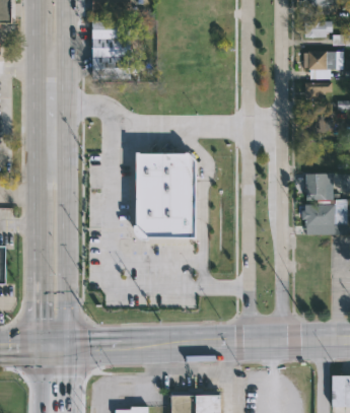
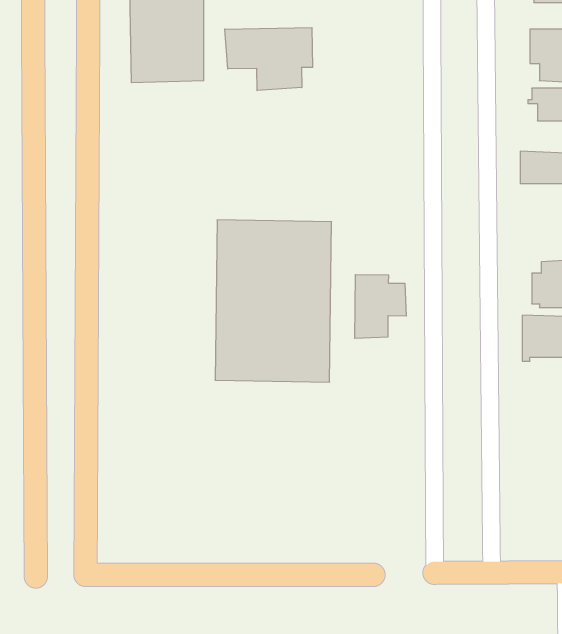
building: none -> [225,28,313,91]
building: none -> [355,275,406,338]

